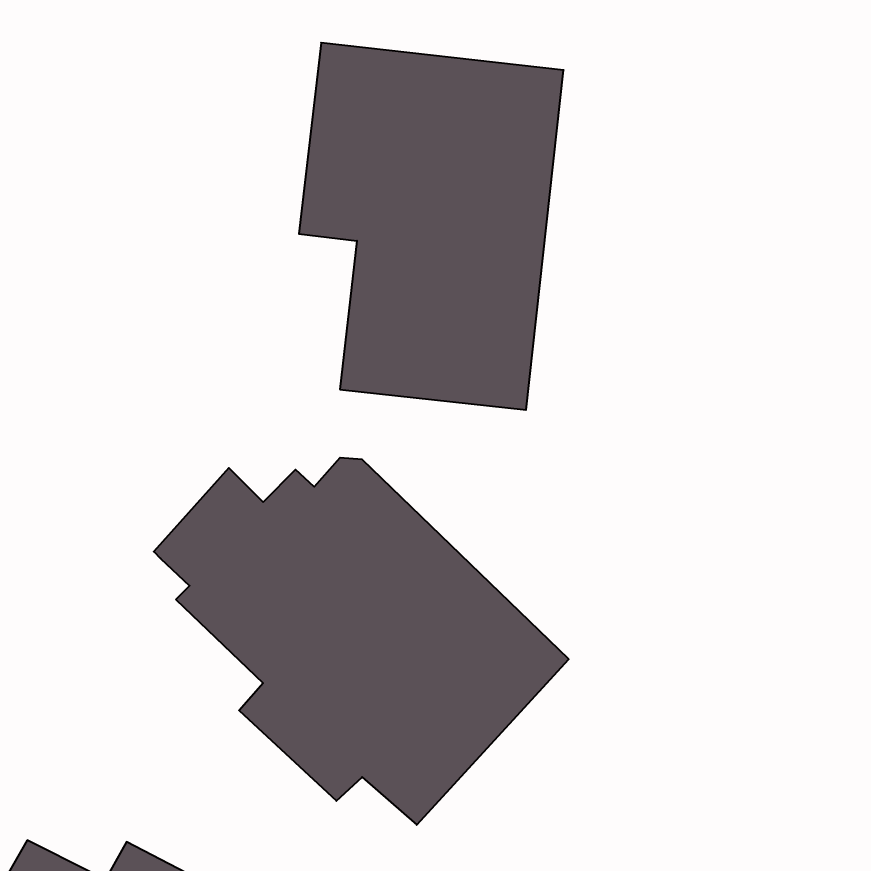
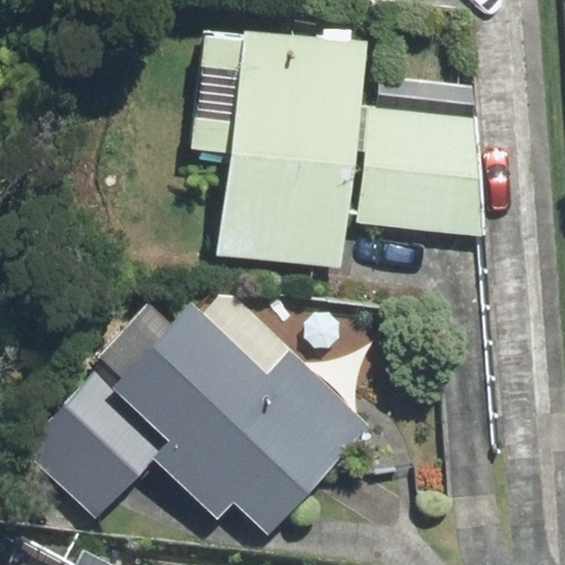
building: none -> [360,108,477,233]
building: none -> [25,362,171,519]

